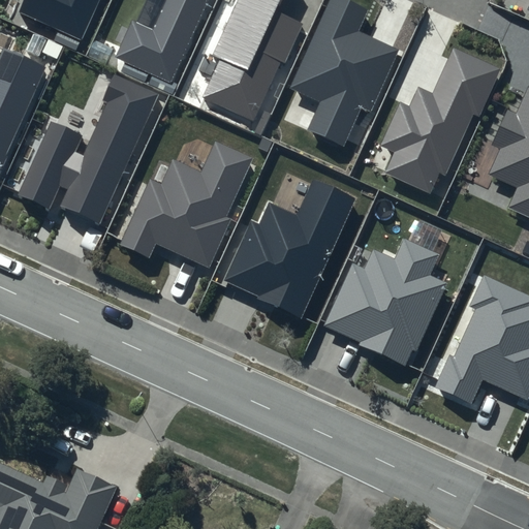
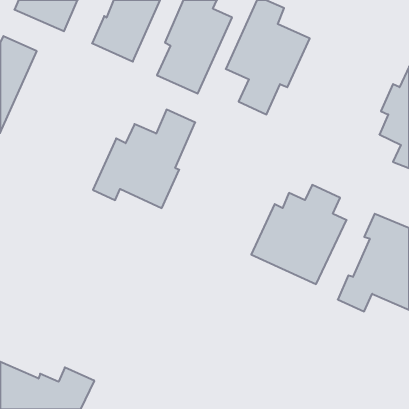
building: [380,48,501,193] -> none
building: [18,75,159,224] -> none
building: [222,180,355,318] -> none

